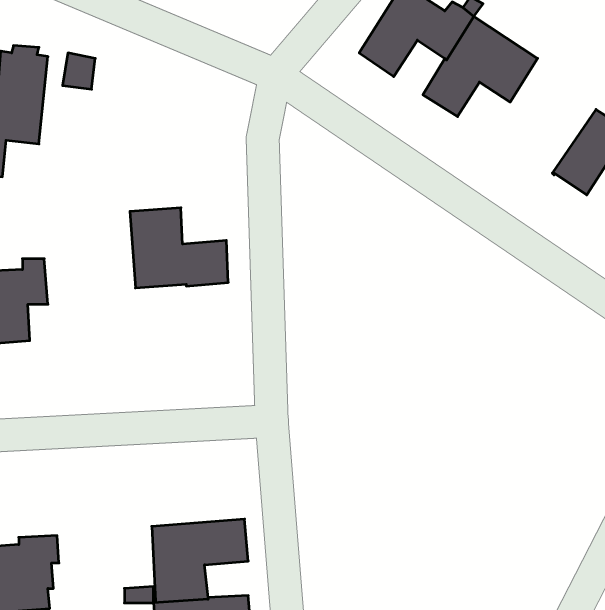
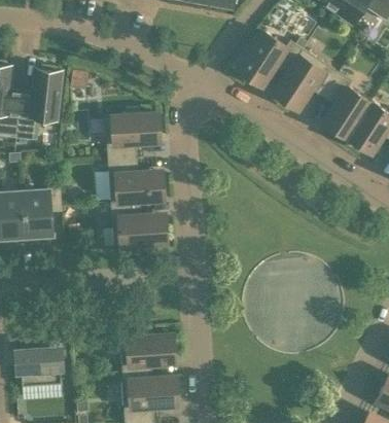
building: none -> [322,73,370,138]
building: none -> [104,108,158,160]
building: none -> [110,201,166,246]

